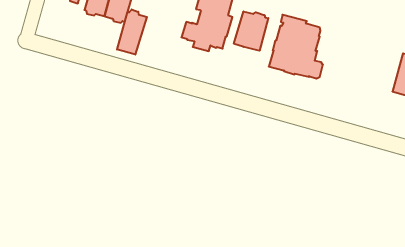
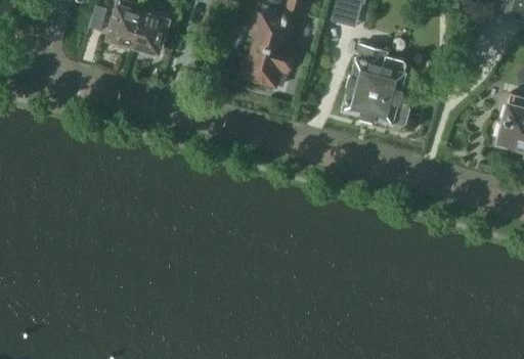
building: [117,9,147,55] -> none
building: [234,11,268,51] -> none

